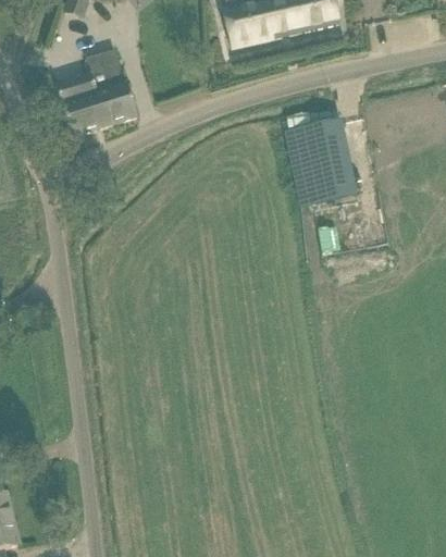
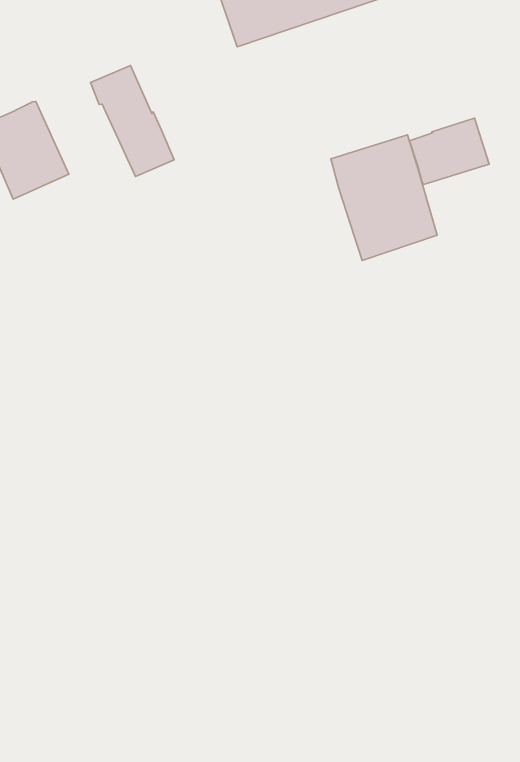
building: [86,47,137,122] -> [90,66,174,177]
building: none -> [410,118,489,184]

